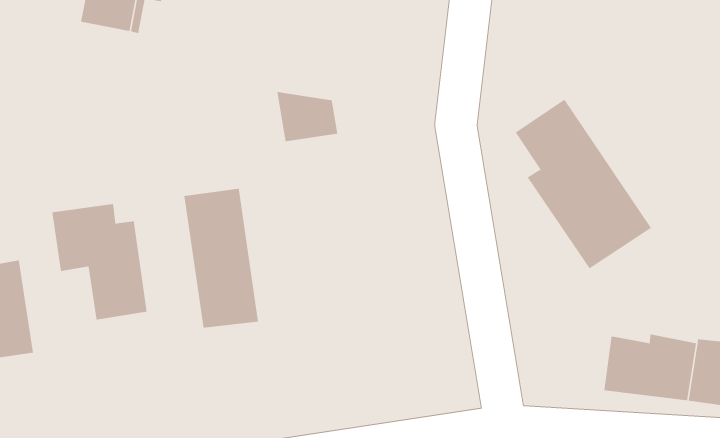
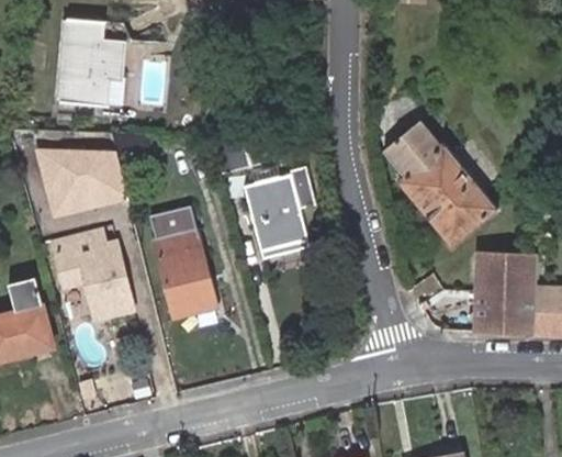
building: none -> [36,148,132,219]
building: none -> [246,167,315,250]
building: none -> [473,253,537,293]

